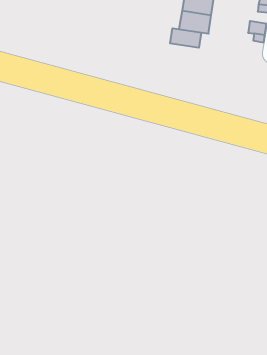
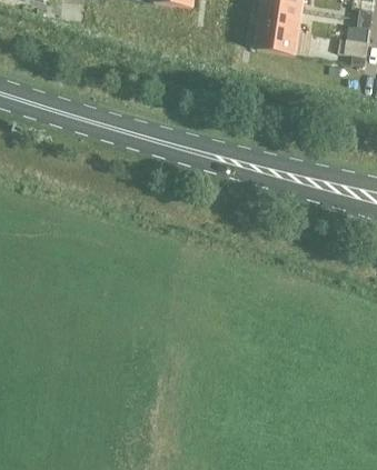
building: [170,28,201,48] -> none

